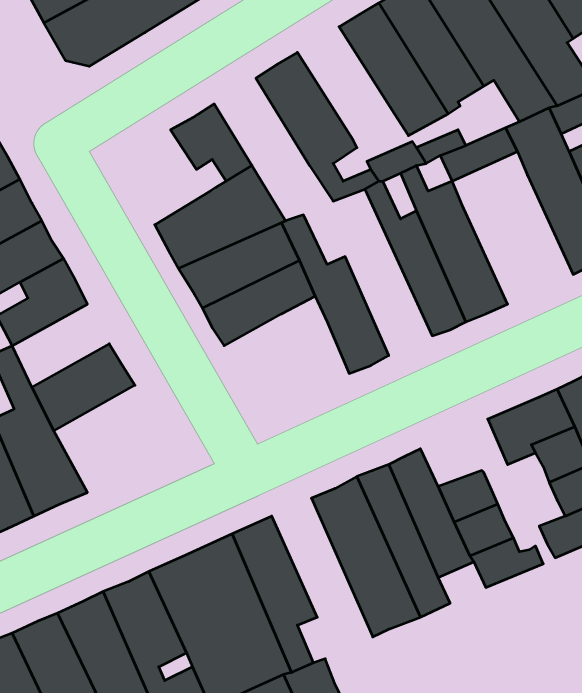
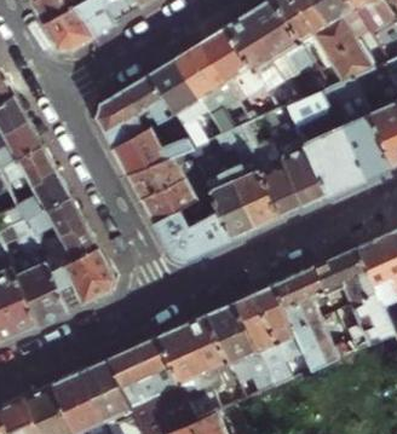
building: none -> [199,27,258,96]
building: none -> [148,58,206,145]
building: none -> [96,89,145,147]
building: none -> [299,117,367,196]
building: none -> [214,126,281,227]
building: none -> [24,196,84,247]
building: none -> [154,202,230,259]
building: none -> [50,245,116,311]
building: none -> [274,266,327,307]
building: none -> [183,314,244,404]

